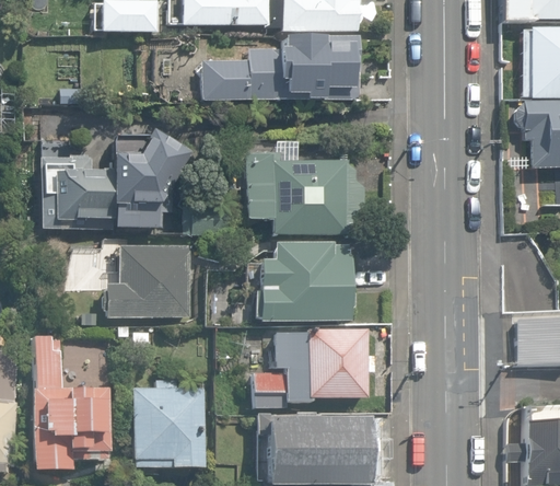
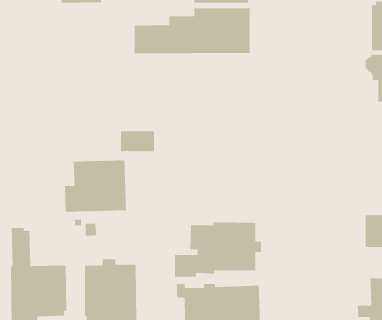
building: [40,129,190,228] -> none
building: [245,142,363,234] -> none
building: [249,242,352,321] -> none

